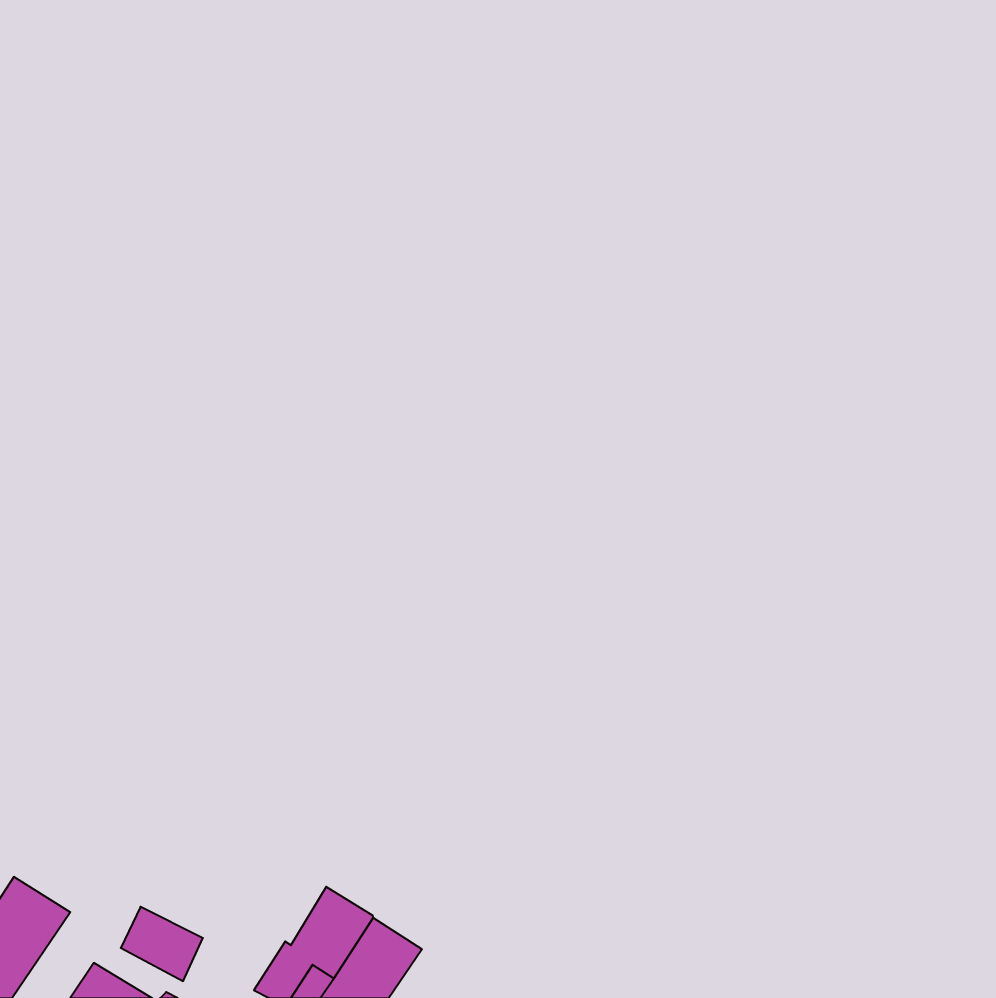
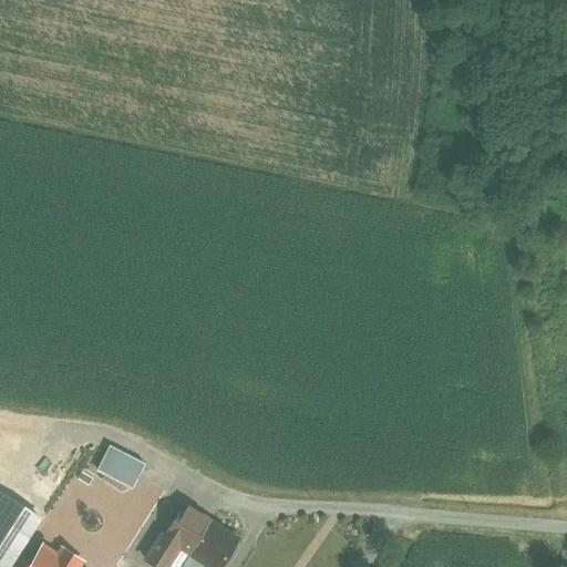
building: [121,907,203,981] -> [94,447,141,489]

